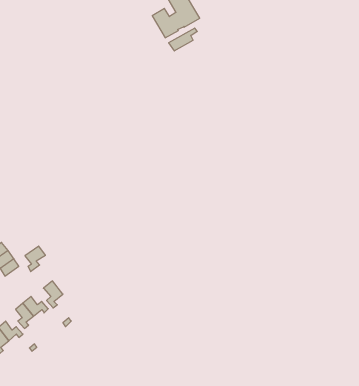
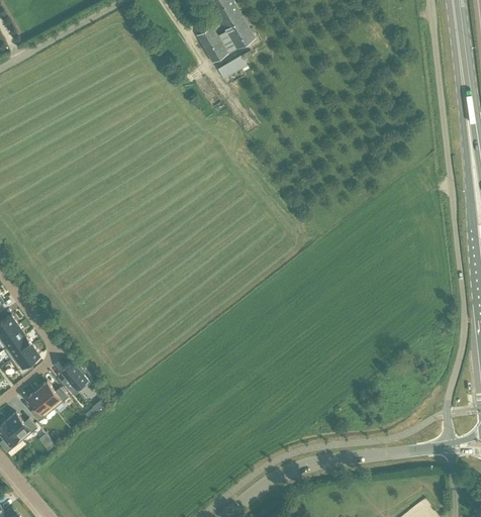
building: [25,246,45,272] -> [14,344,39,376]

